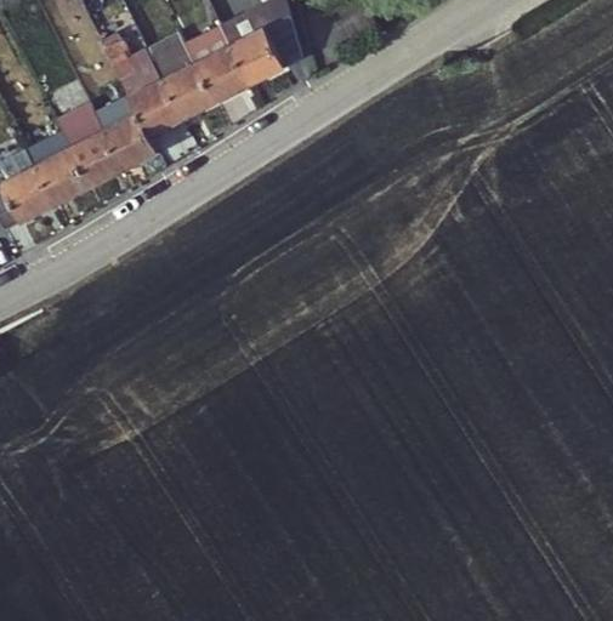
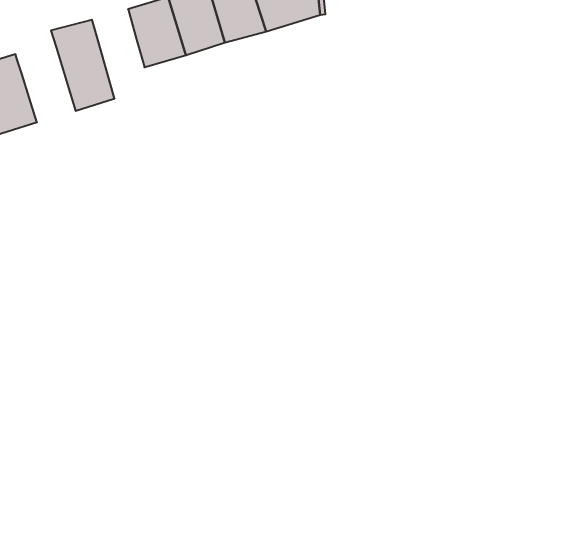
building: [100,112,151,169] -> none
building: [24,130,85,201] -> none

